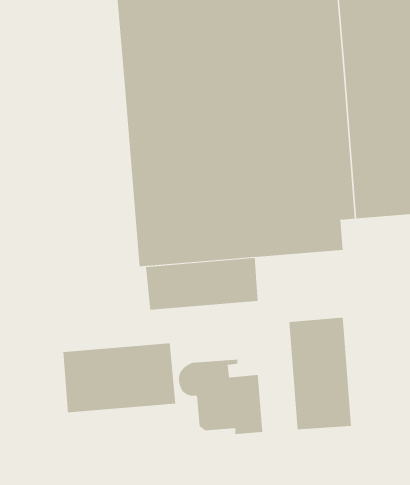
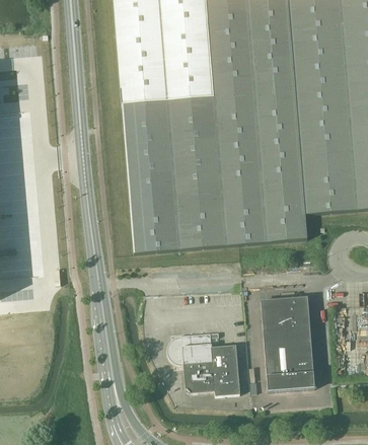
building: [145,257,258,311] -> none
building: [63,343,176,413] -> none

